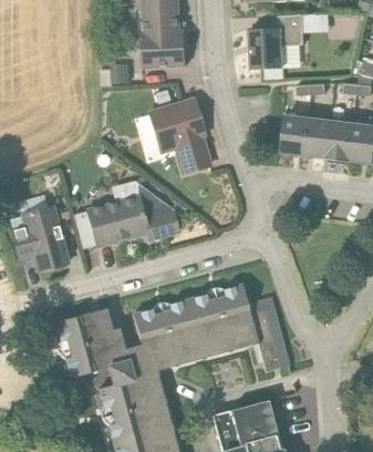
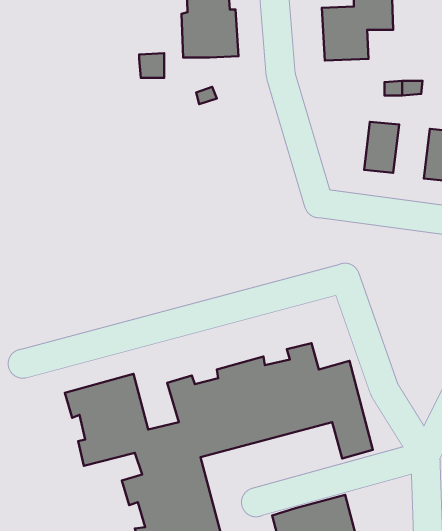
building: [151,99,209,171] -> none
building: [303,117,331,158] -> none
building: [86,179,178,246] -> none
building: [11,207,68,270] -> none

